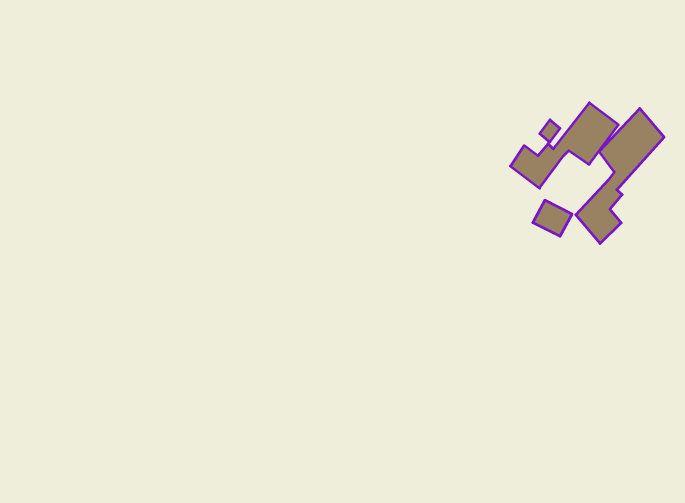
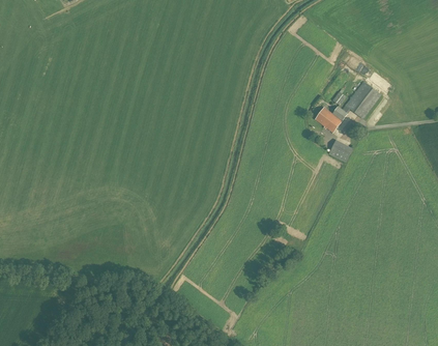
building: [576,108,664,244] -> none

